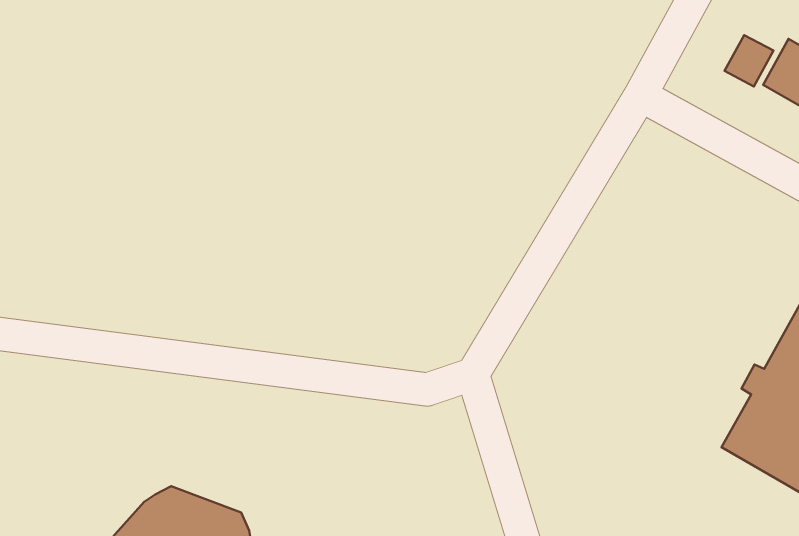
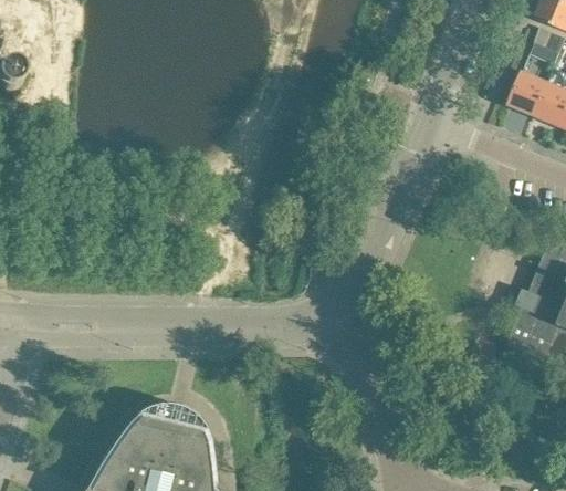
building: [724,35,774,87] -> none

